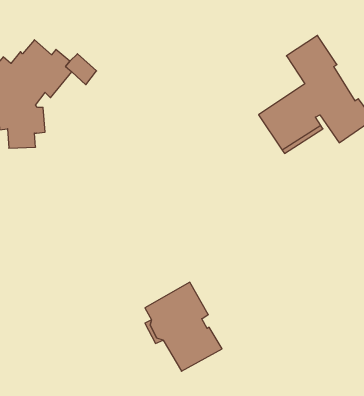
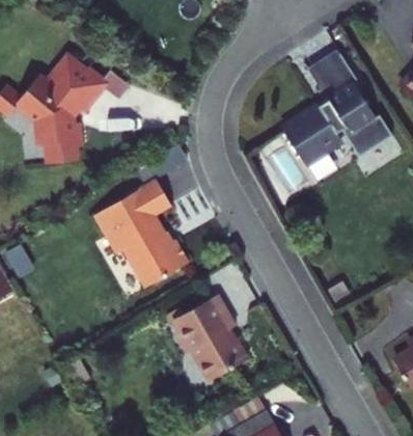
building: none -> [94,176,188,284]

